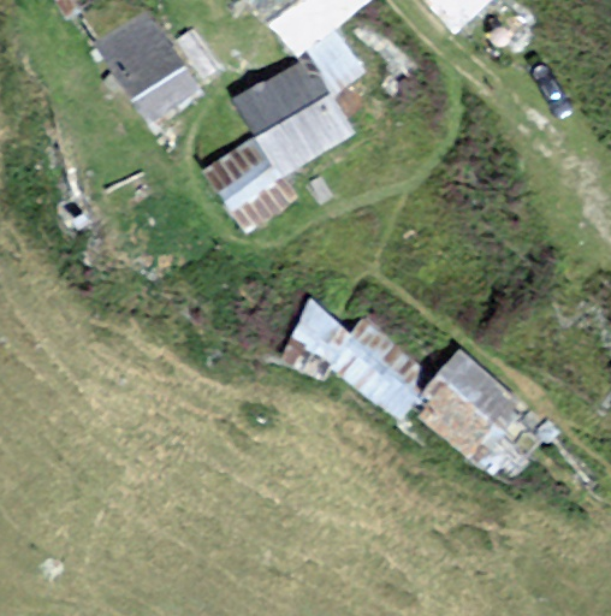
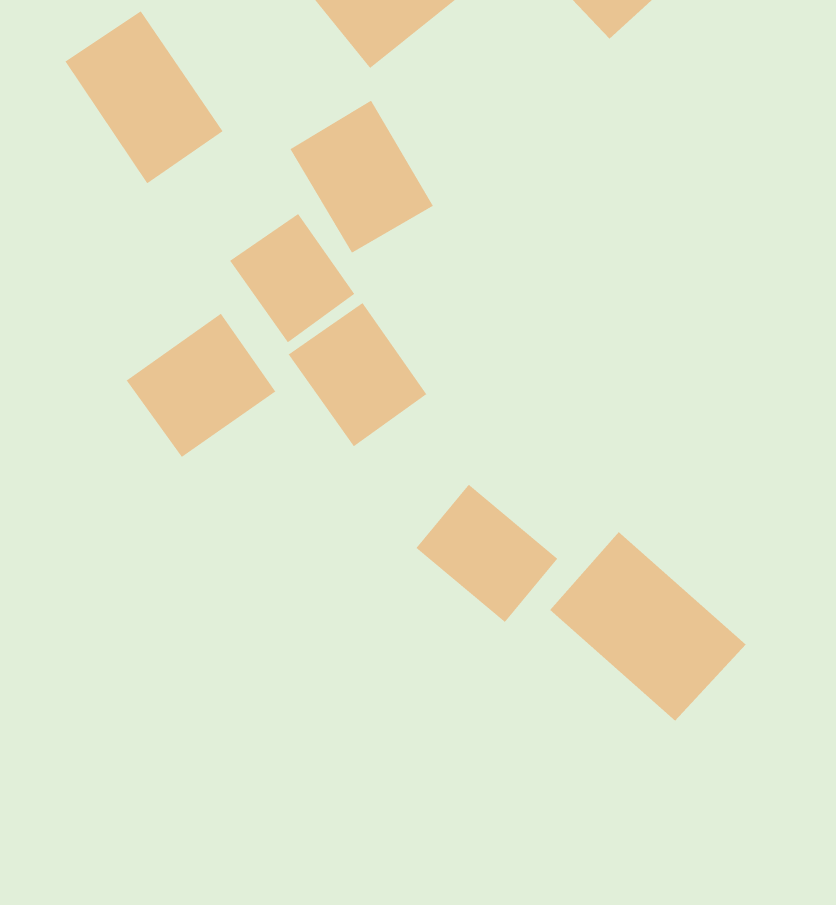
building: none -> [288,302,427,447]
building: none -> [126,313,276,458]

